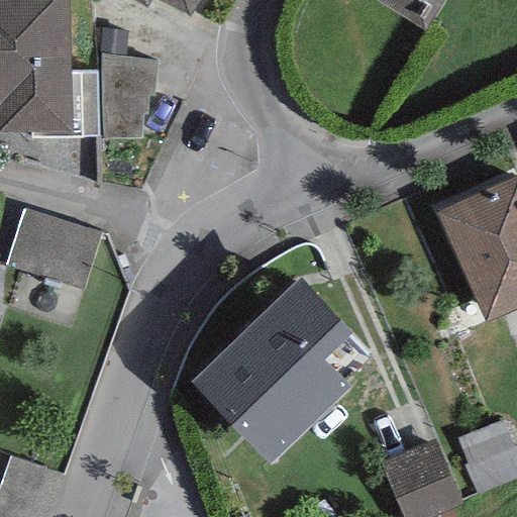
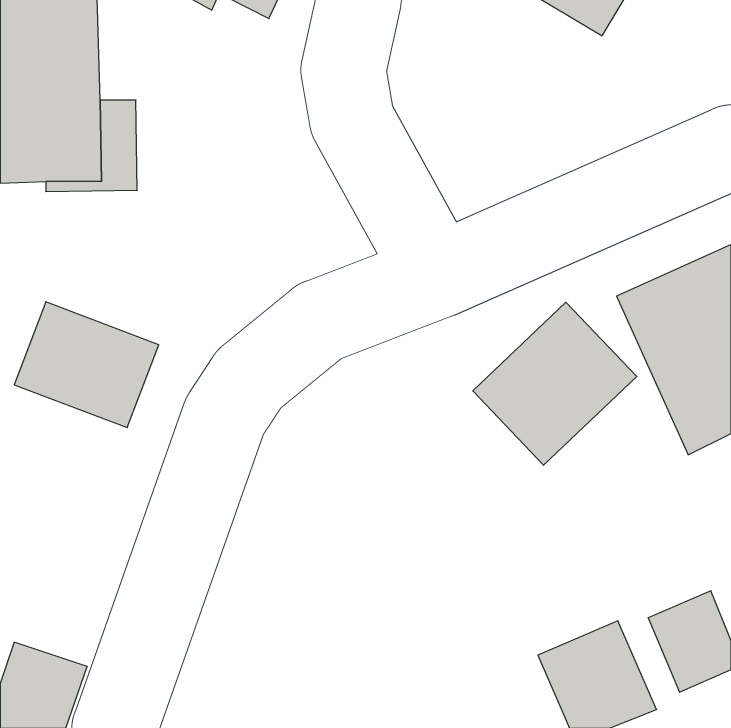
building: [100,53,157,136] -> none
building: none -> [473,302,637,465]
building: [193,278,375,457] -> none

